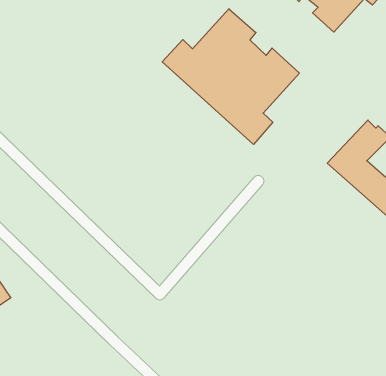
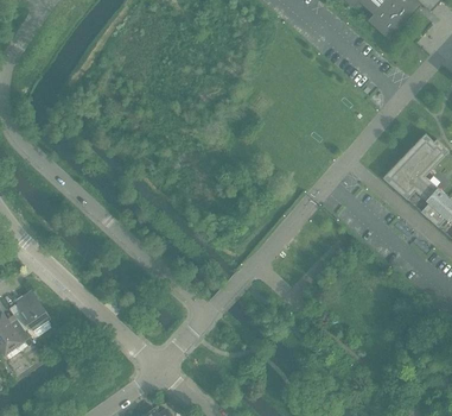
building: [162,9,299,144] -> none

